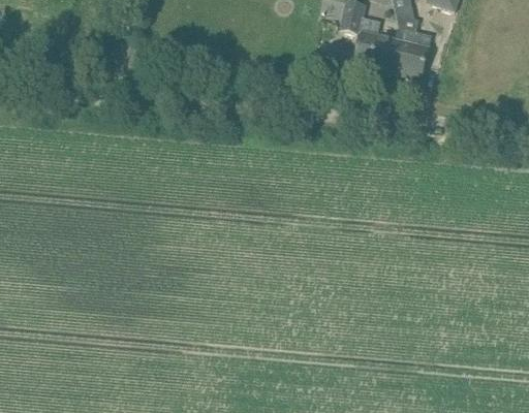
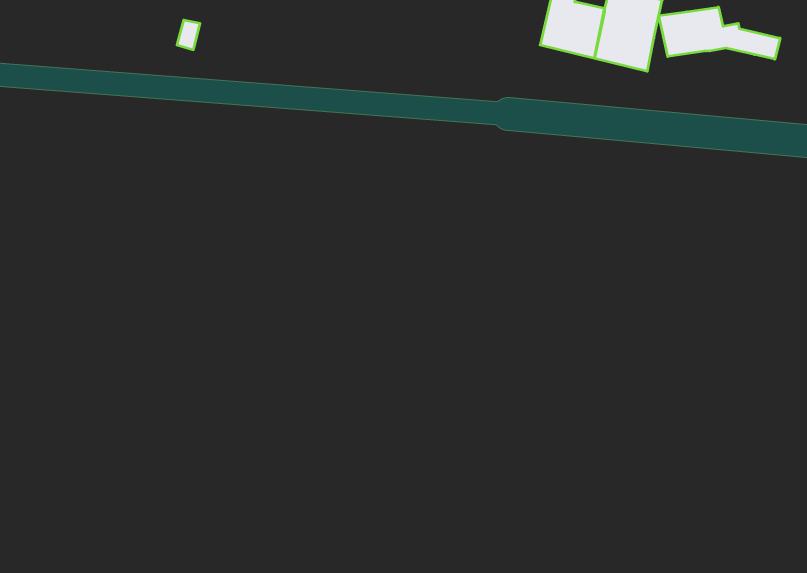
building: none -> [659,7,780,59]

